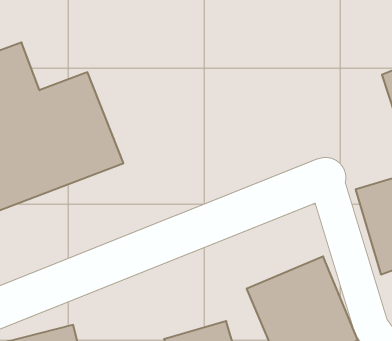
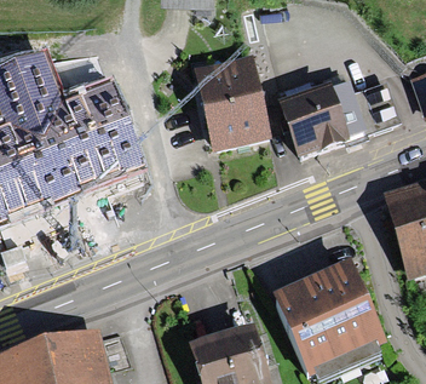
building: none -> [194,57,270,151]
building: none -> [278,82,399,157]

